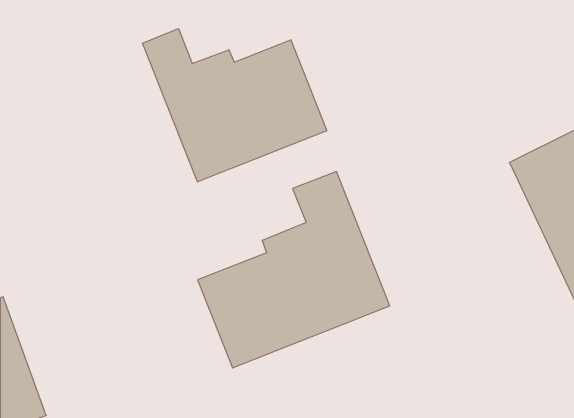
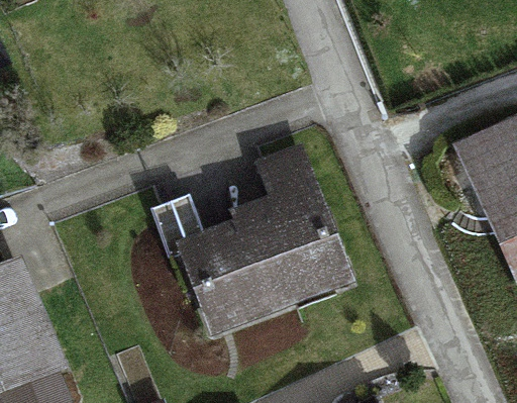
building: [143,29,327,182] -> none

